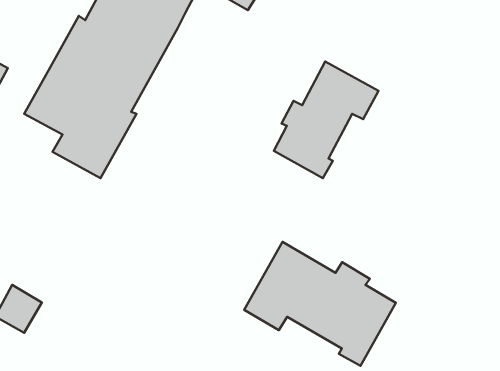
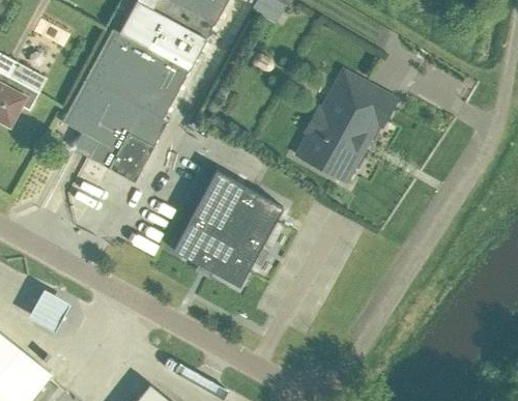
building: none -> [173,172,283,288]
building: [244,242,396,366] -> none

